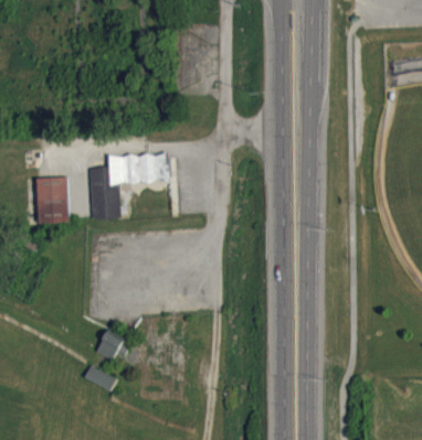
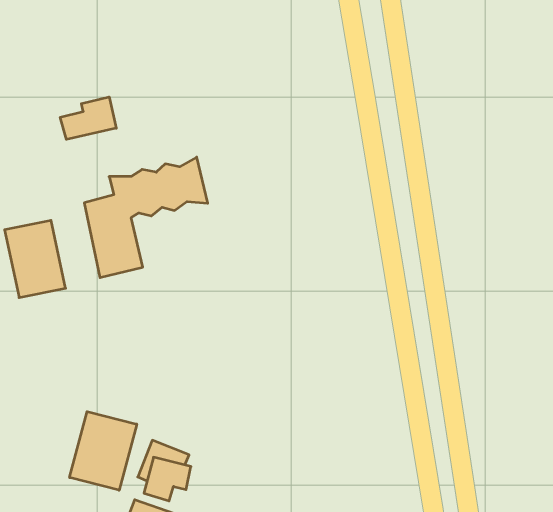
building: none -> [60,97,116,139]
building: none -> [70,412,137,490]

